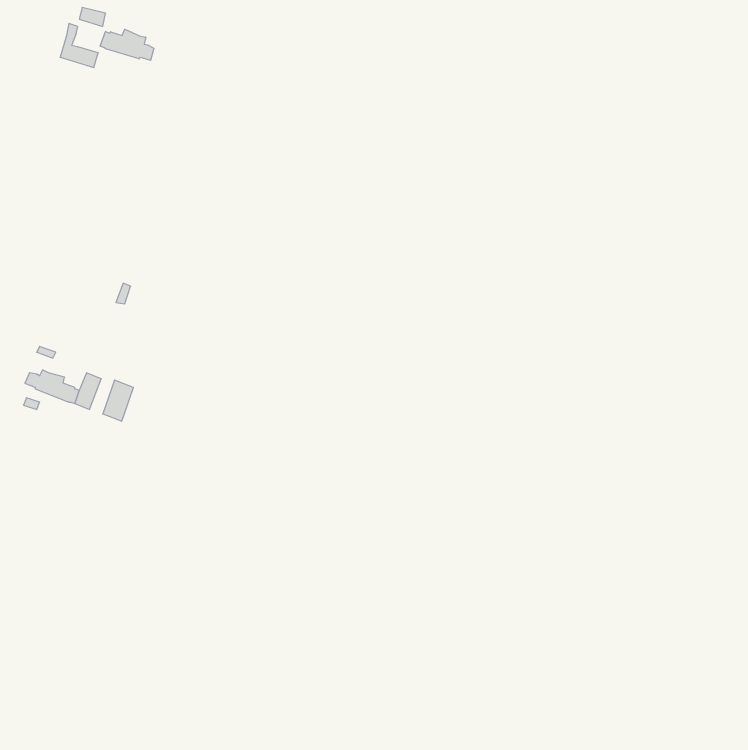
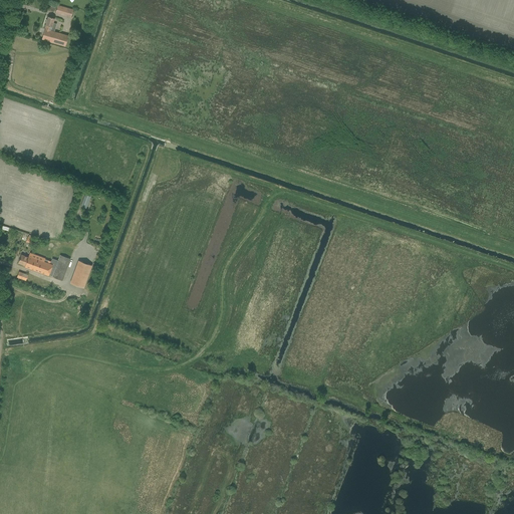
building: [100,29,154,60] -> none

